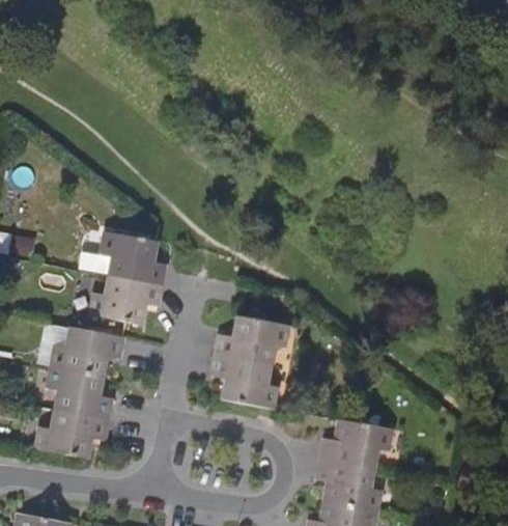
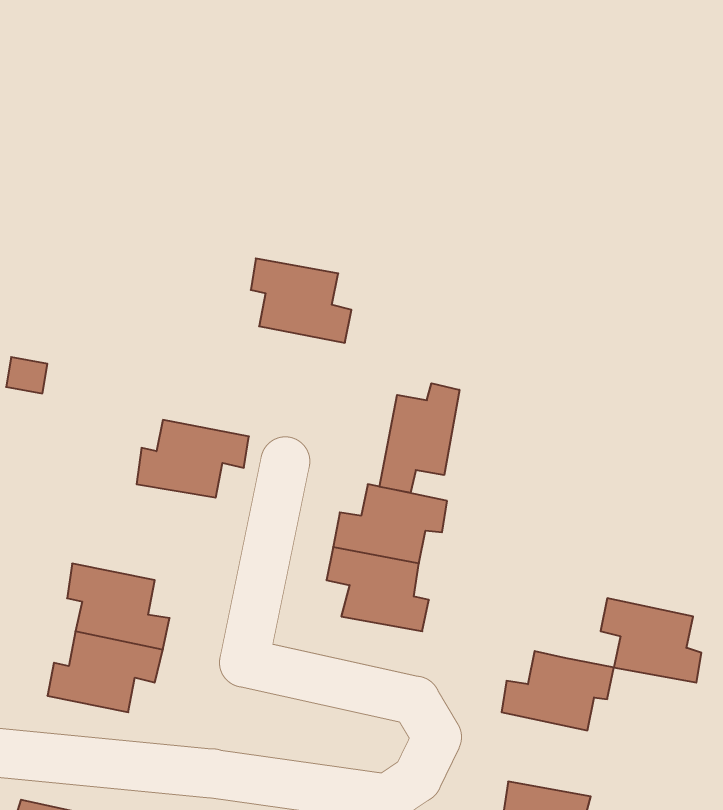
building: [104,231,167,284] -> [251,258,351,343]
building: none -> [379,383,459,493]
building: [39,321,124,375] -> none
building: [317,458,380,510] -> [601,598,701,683]

